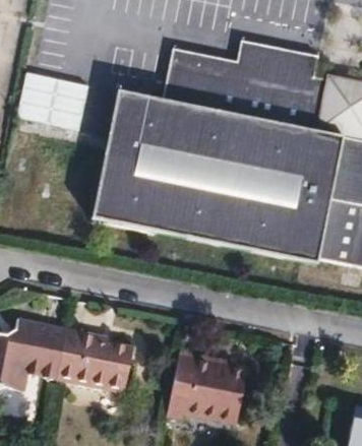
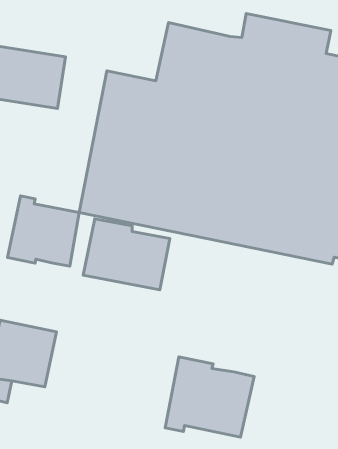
building: none -> [8,196,79,266]
building: [66,325,143,388] -> [83,219,170,290]

